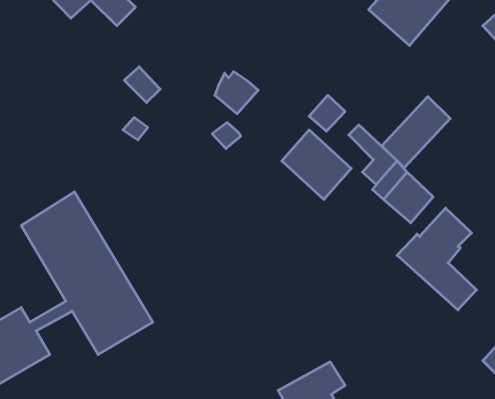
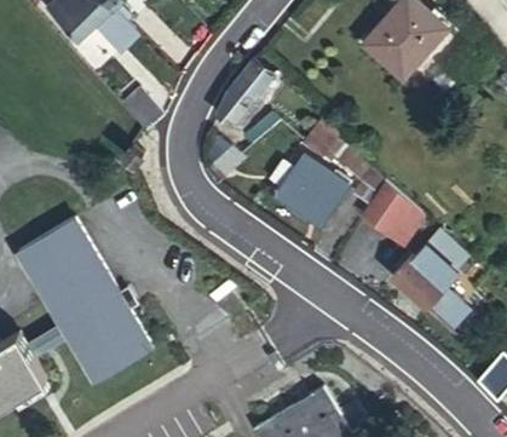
building: none -> [223,57,276,110]
building: [382,97,450,168] -> none

